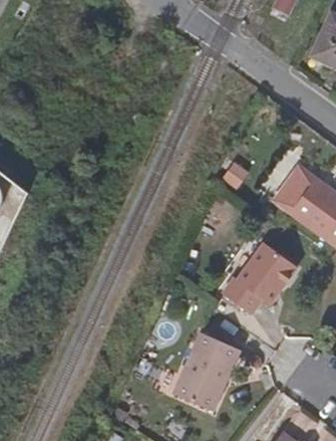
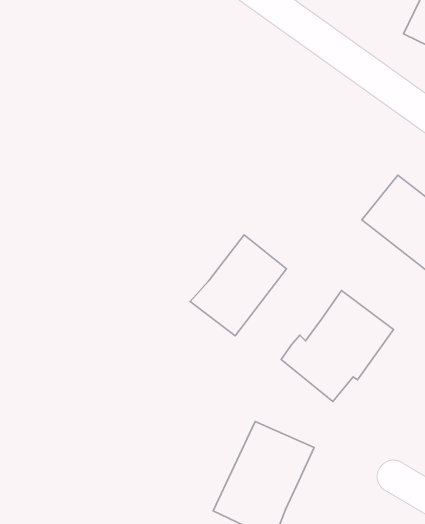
building: none -> [190,235,287,336]

